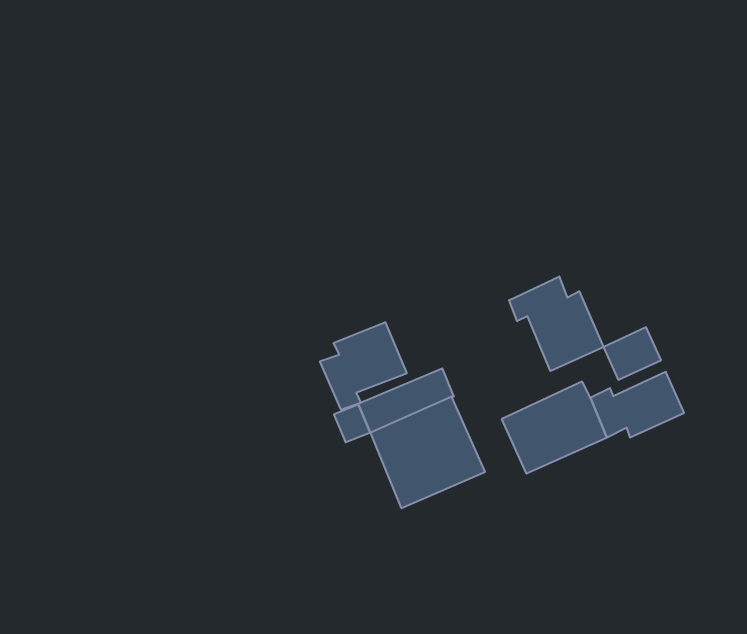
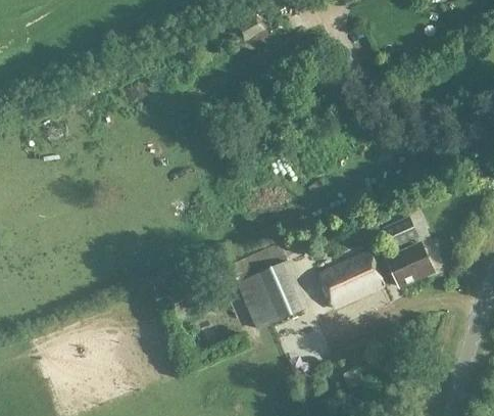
building: [509,276,604,371] -> none
building: [320,322,407,410] -> none

